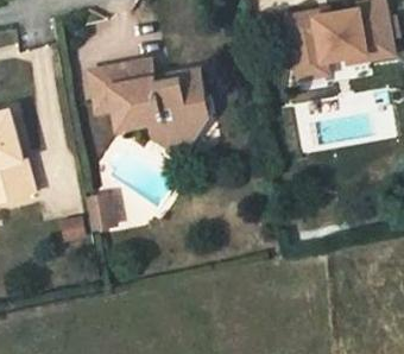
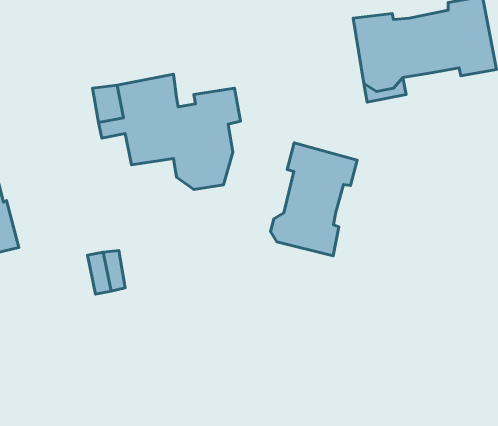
building: none -> [270,143,357,256]

